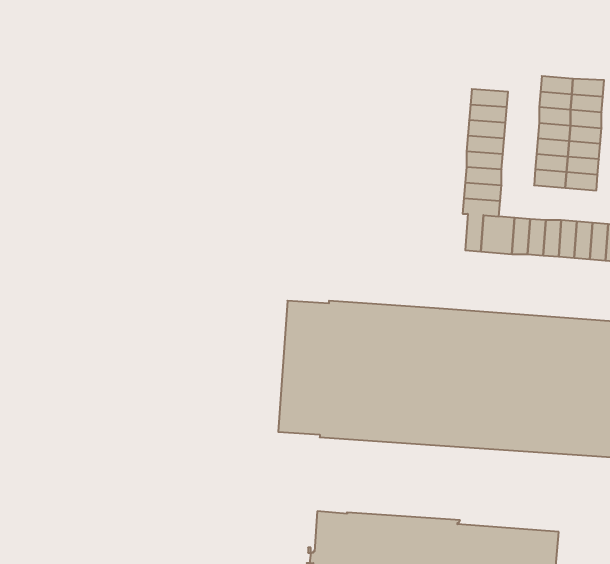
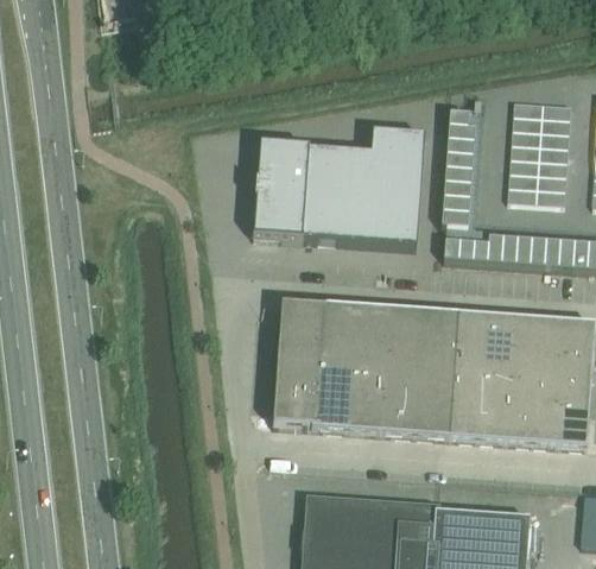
building: none -> [254,128,425,242]

